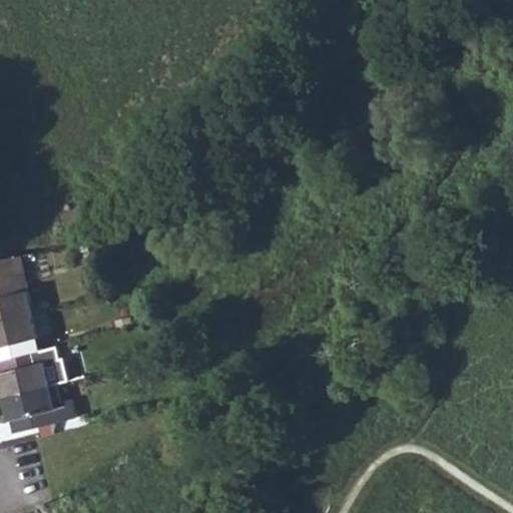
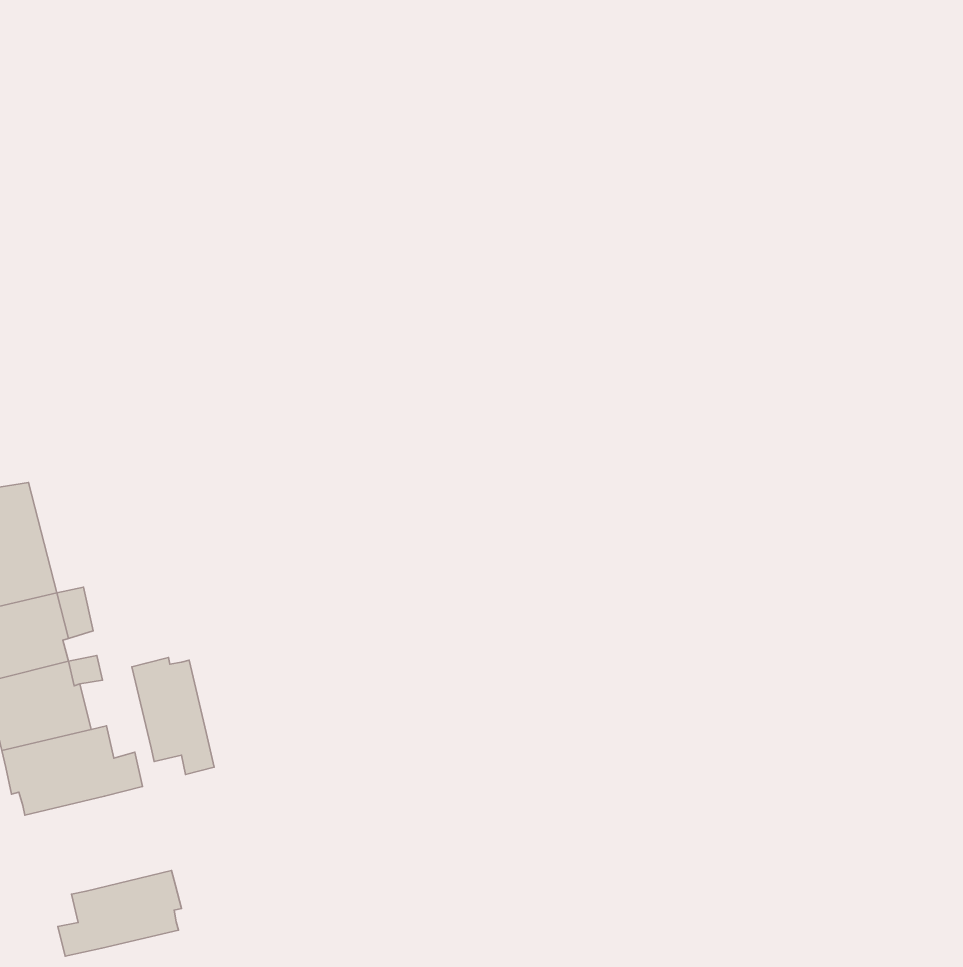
building: none -> [132,657,214,774]
building: none -> [58,871,181,956]

